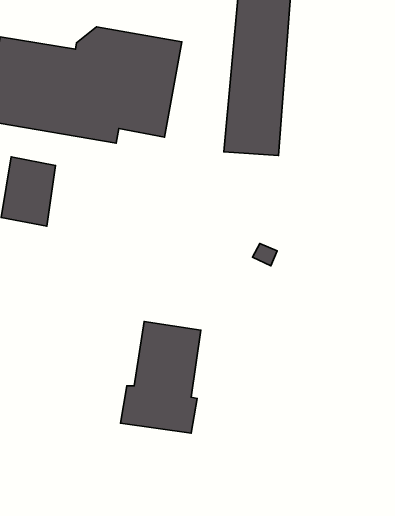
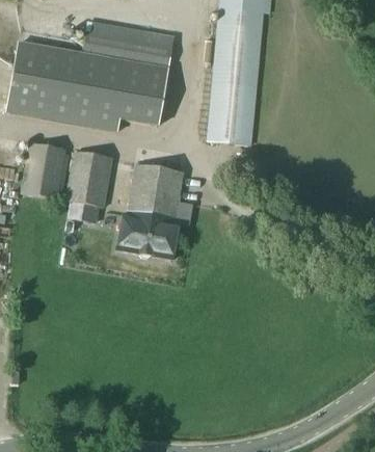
building: none -> [64,151,112,208]
building: [121,322,201,433] -> [115,164,183,258]

